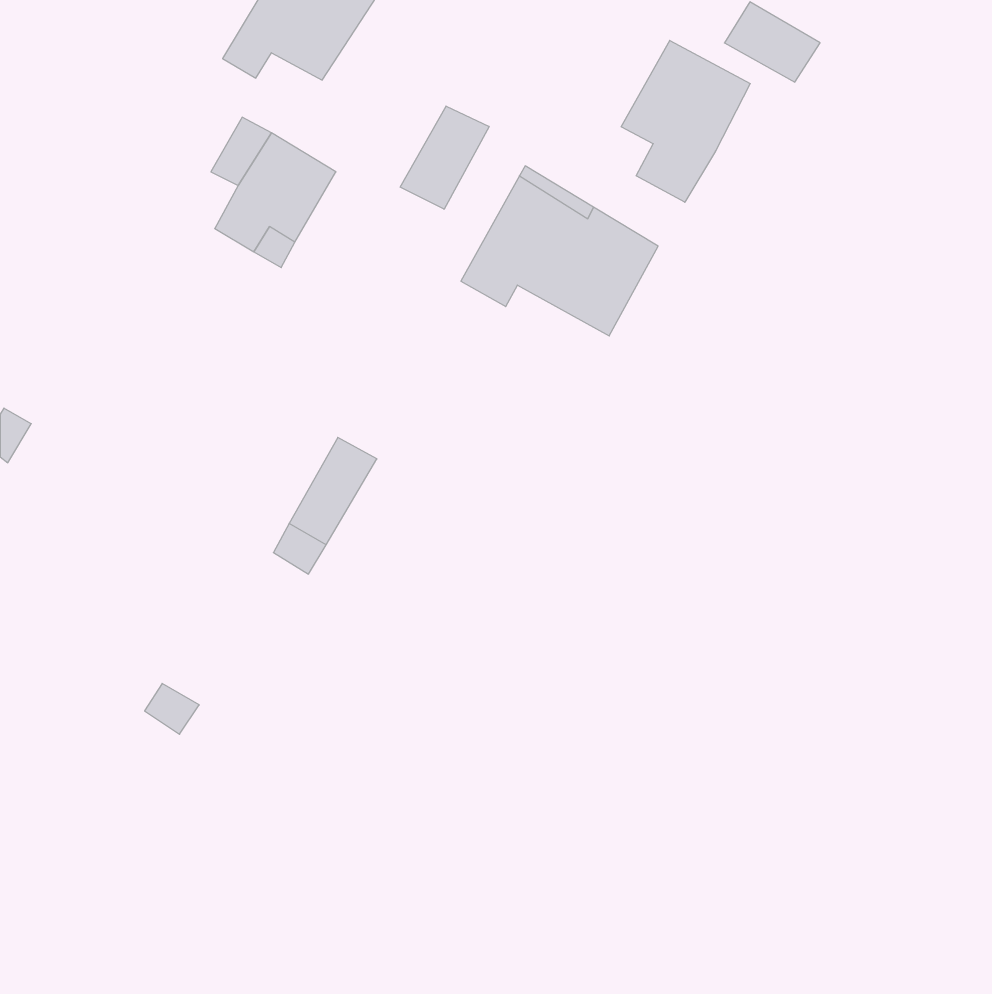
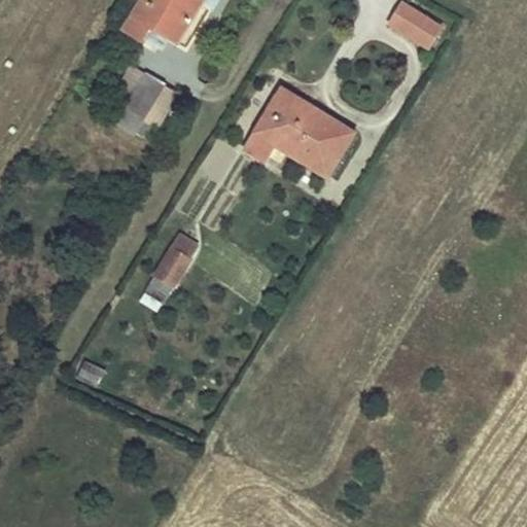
building: [621,40,750,202] -> none
building: [400,106,489,209] -> none

